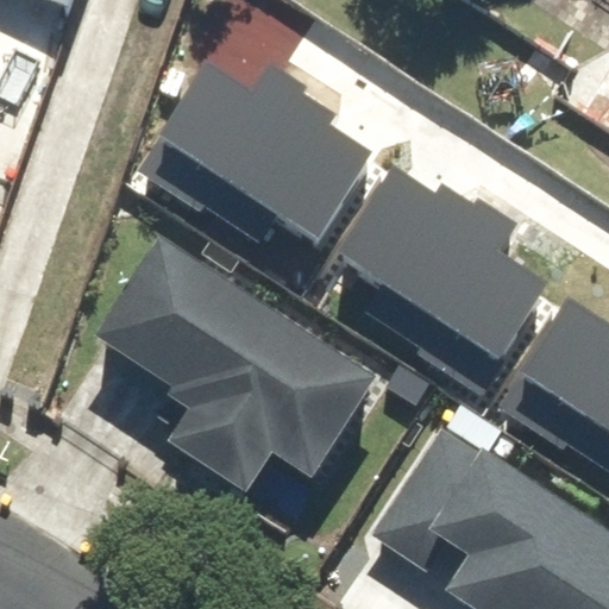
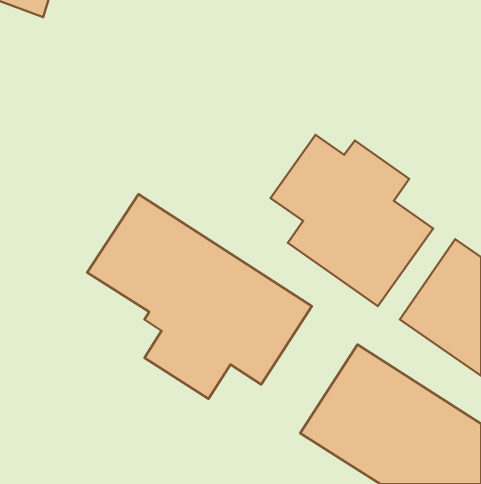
building: [139,59,365,265] -> none

